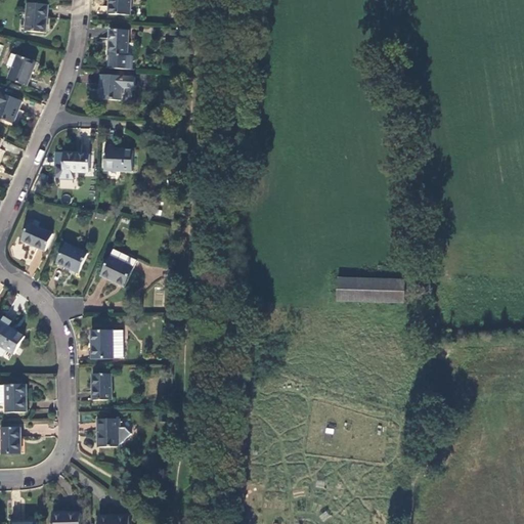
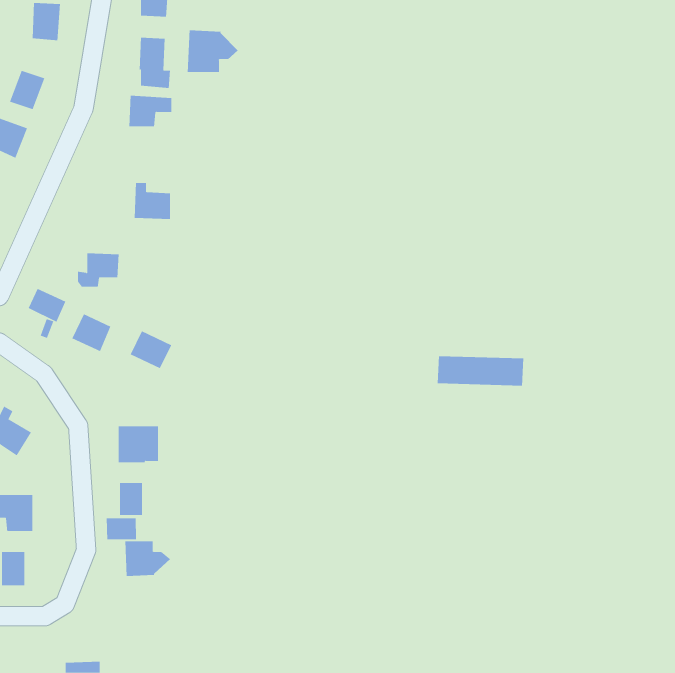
building: none -> [187,30,239,73]
building: [56,151,89,178] -> [77,253,120,287]
building: none -> [106,517,137,540]

